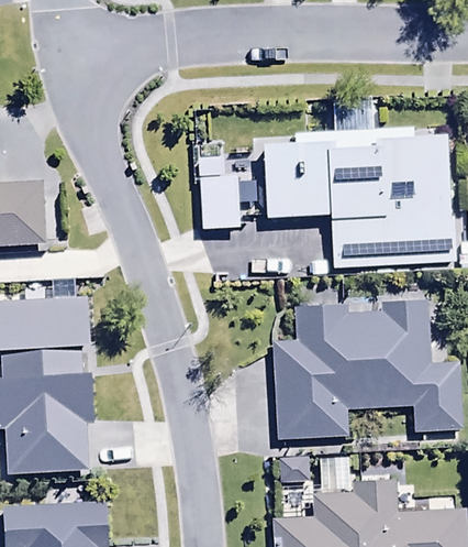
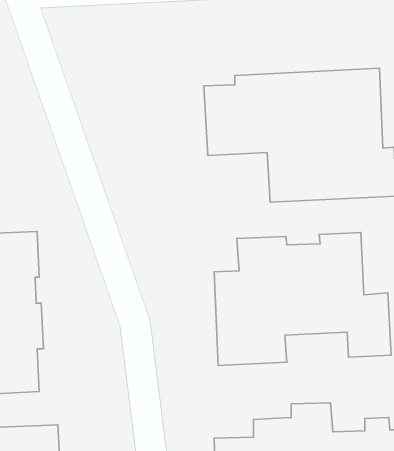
building: [200,174,241,228] -> none

